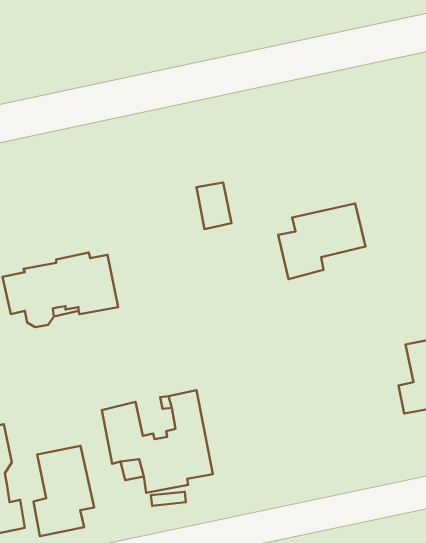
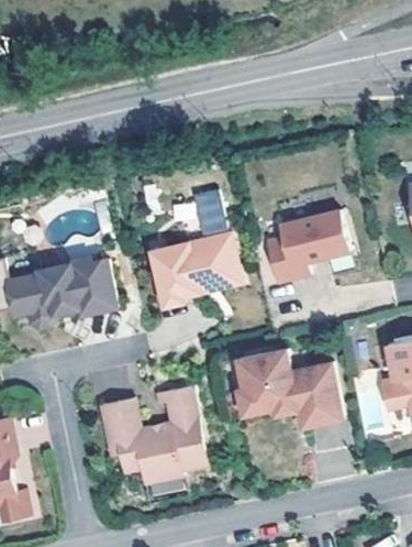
building: none -> [151,231,242,306]
building: none -> [240,348,343,427]
building: [34,446,94,536] -> none

